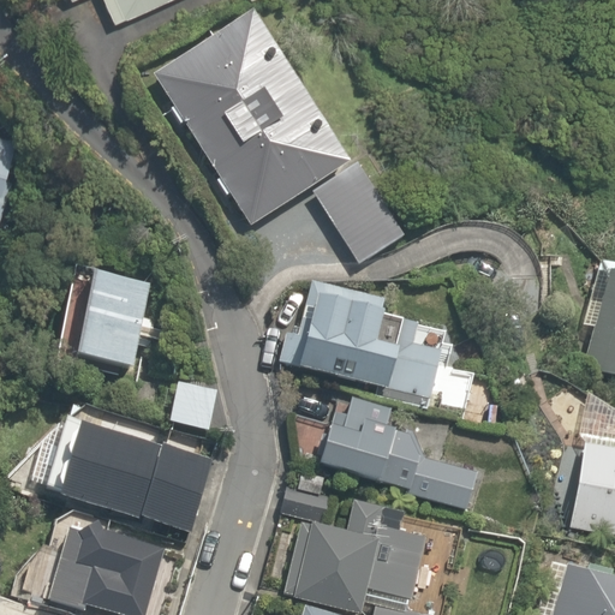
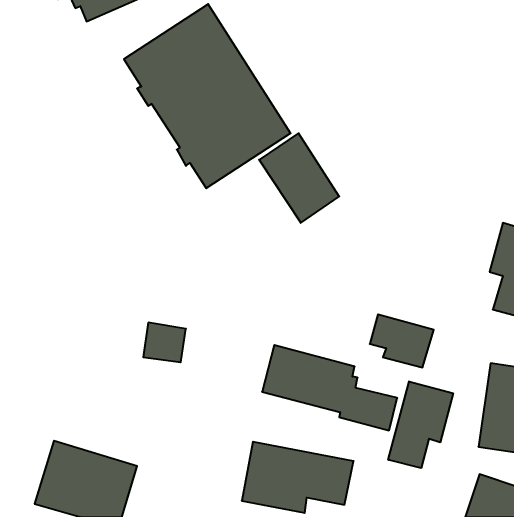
building: [56,270,161,366] -> none
building: [293,292,438,400] -> none
building: [41,414,217,536] -> none
building: none -> [388,381,453,468]

